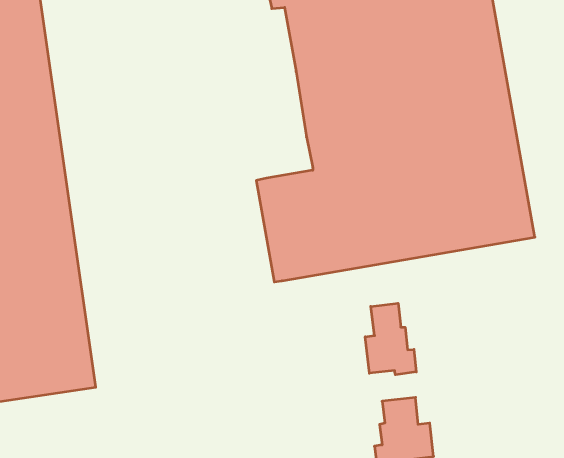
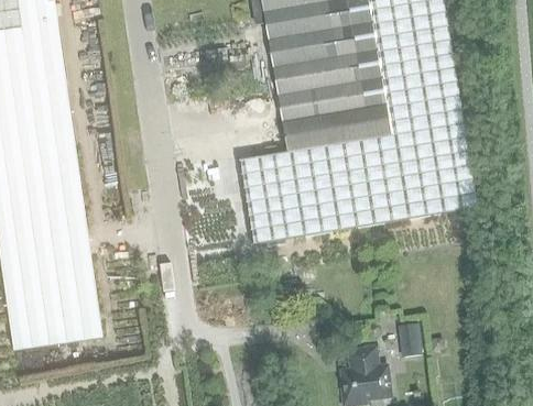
building: [365,303,416,375] -> none
building: none -> [396,321,421,354]

